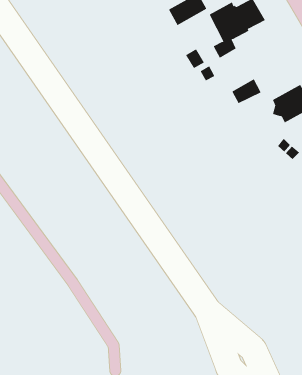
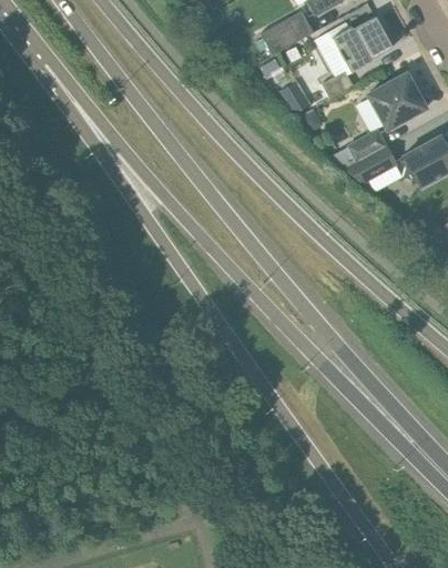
building: none -> [367,72,427,130]
building: none -> [344,145,398,183]

